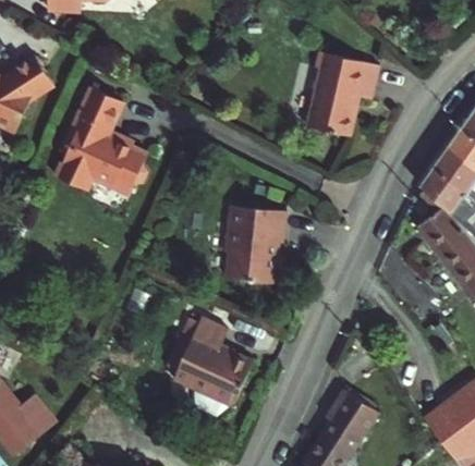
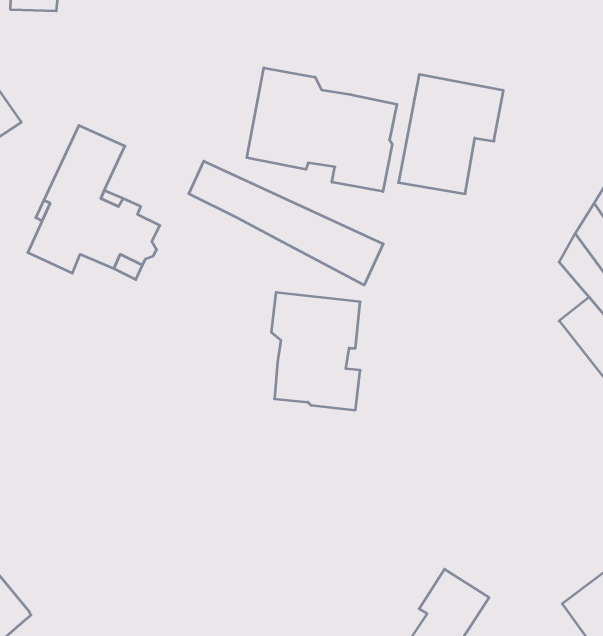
building: none -> [247,68,397,192]
building: none -> [189,161,383,285]
building: [172,318,249,416] -> none

